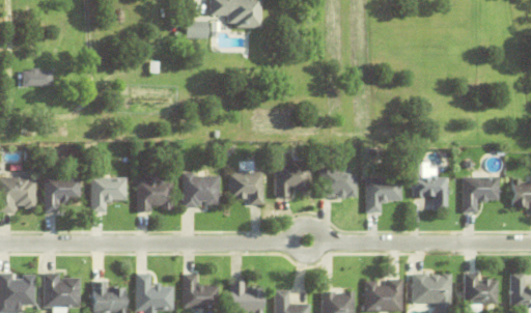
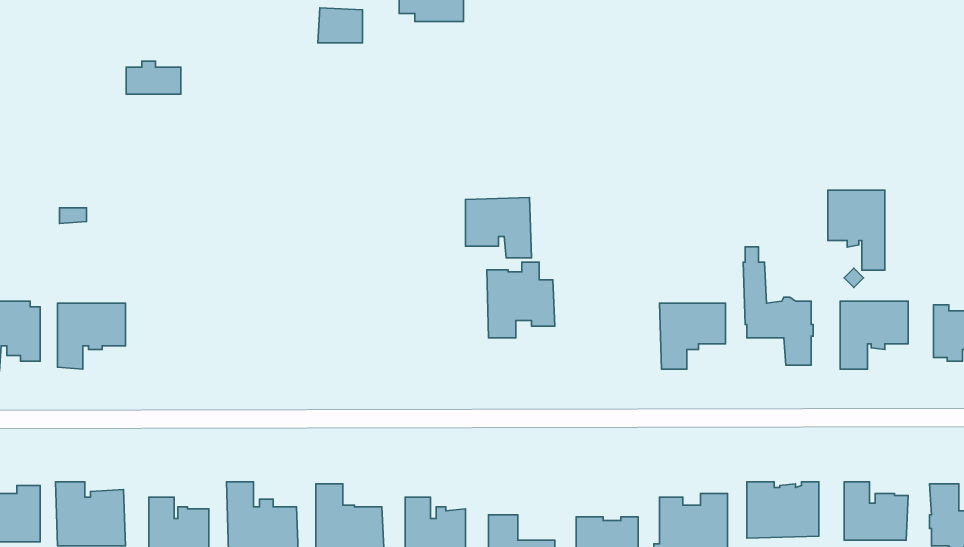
building: [22,68,51,86] -> [126,61,181,94]
building: none -> [828,190,885,270]
building: [318,168,355,199] -> none
building: [135,173,172,212] -> none
building: [180,173,218,208] -> none
building: [227,173,262,205] -> [465,198,531,258]
building: [89,178,125,212] -> none

